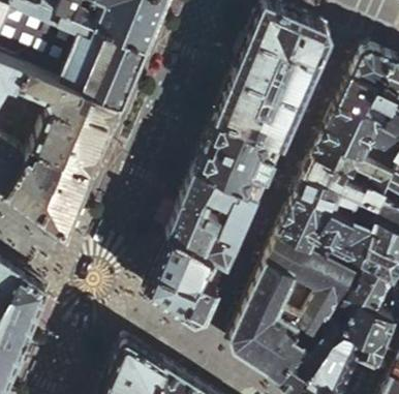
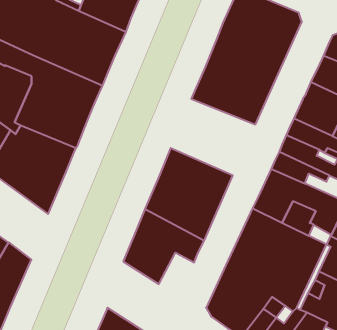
building: [193,122,282,203] -> none
building: [181,283,218,326] -> none

